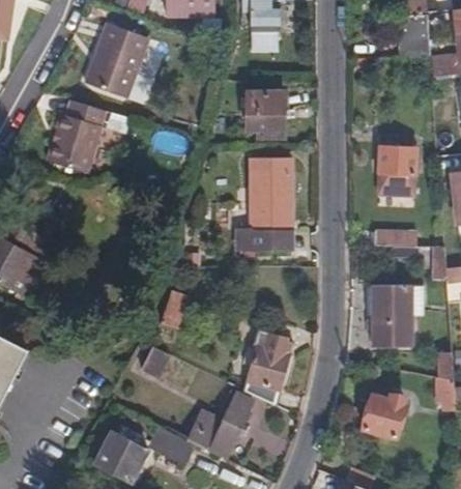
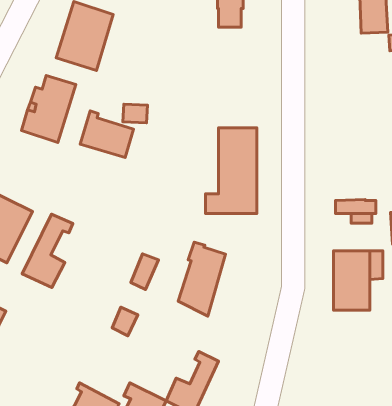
building: [253,91,291,138] -> none
building: none -> [80,111,134,157]
building: [380,143,419,196] -> none
building: none -> [22,214,73,287]
building: [243,327,293,405] -> [178,242,226,316]
building: [361,394,406,439] -> none

